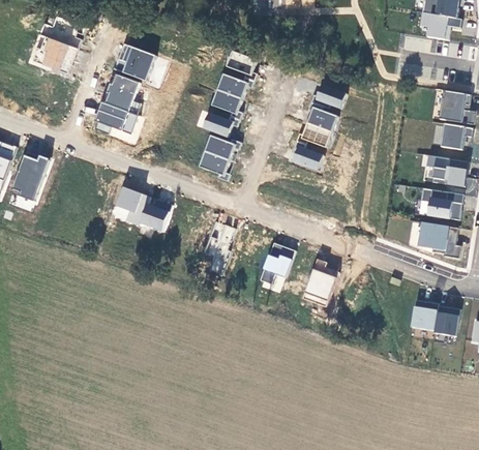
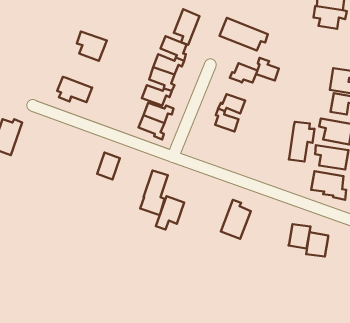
building: none -> [174,9,199,45]
building: [28,23,77,74] -> none
building: none -> [220,18,268,50]
building: [104,73,141,115] -> none
building: [308,102,337,131] -> [256,58,279,81]
building: none -> [289,122,315,162]
building: [118,187,153,227] -> none
building: [260,242,296,284] -> [156,196,184,229]
building: [432,305,460,336] -> [289,224,310,249]

